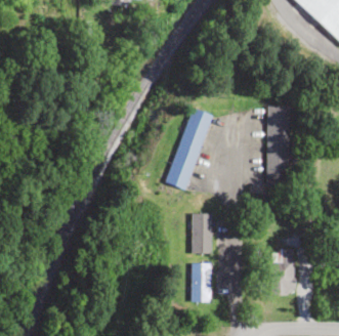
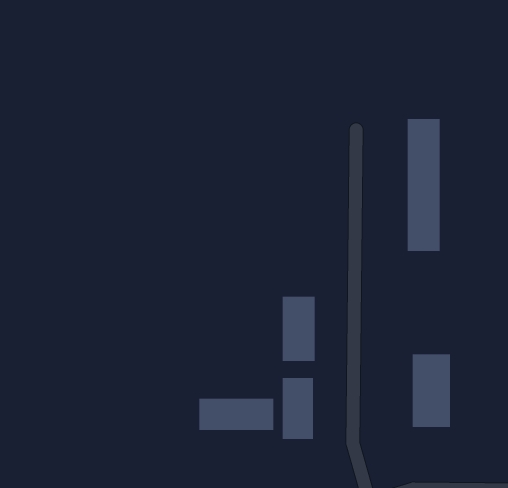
building: [167,108,212,186] -> none
building: none -> [199,398,274,431]

